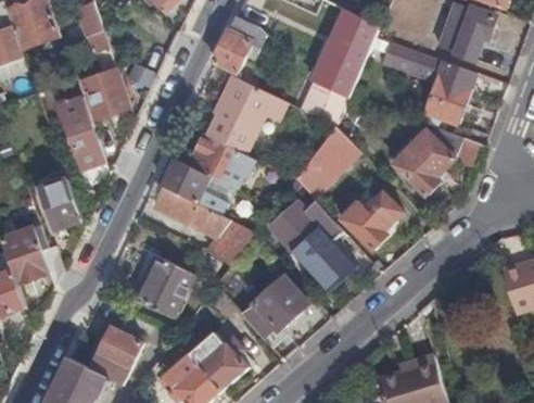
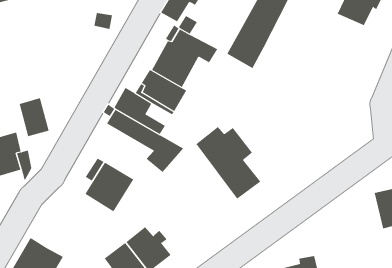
building: [408,51,474,125] -> none
building: [82,70,129,119] -> none
building: [61,100,104,169] -> none
building: [295,124,359,197] -> none
building: [392,126,482,196] -> none
building: [340,191,400,249] -> none
building: [240,276,309,347] -> none
building: [89,328,142,386] -> none

